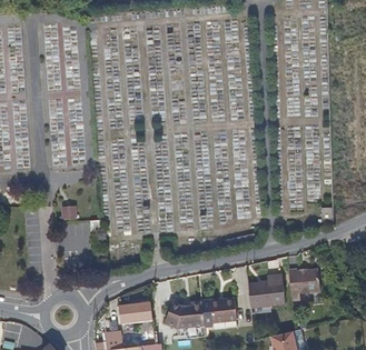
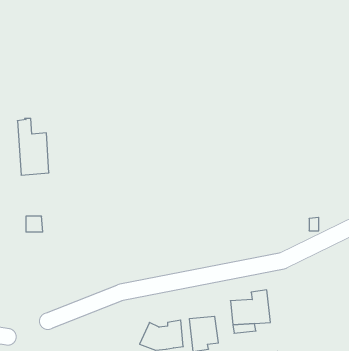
building: [287,269,318,300] -> none
building: [118,302,150,322] -> none

